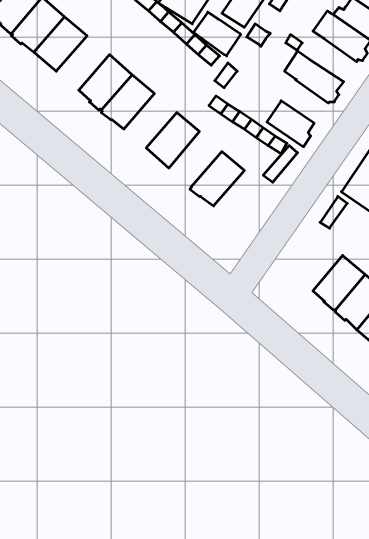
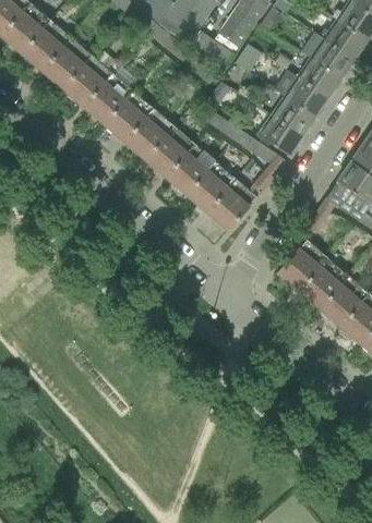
building: none -> [63,56,112,106]
building: none -> [297,58,341,98]
building: none -> [271,96,315,136]
building: none -> [125,109,175,159]
building: none -> [167,144,216,195]
building: none -> [208,180,257,231]
building: none -> [278,240,327,291]

